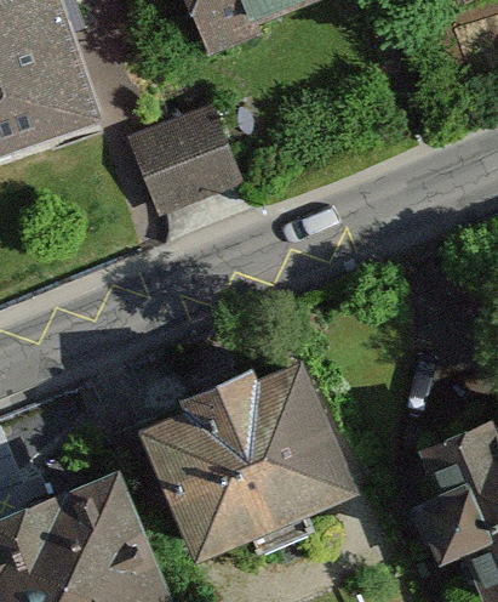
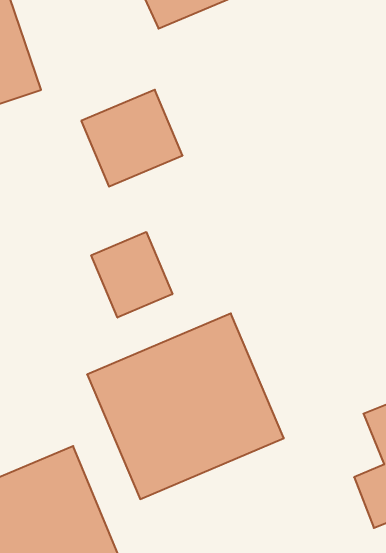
building: none -> [91,232,172,318]

